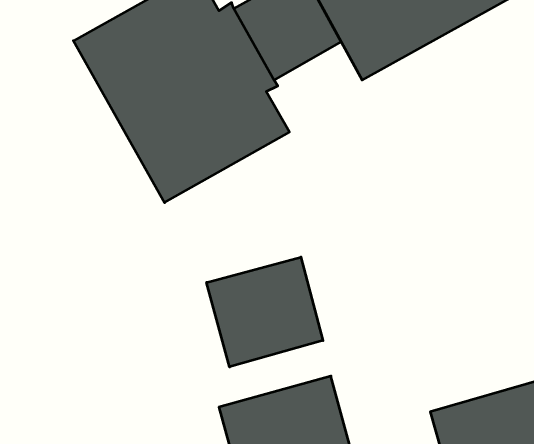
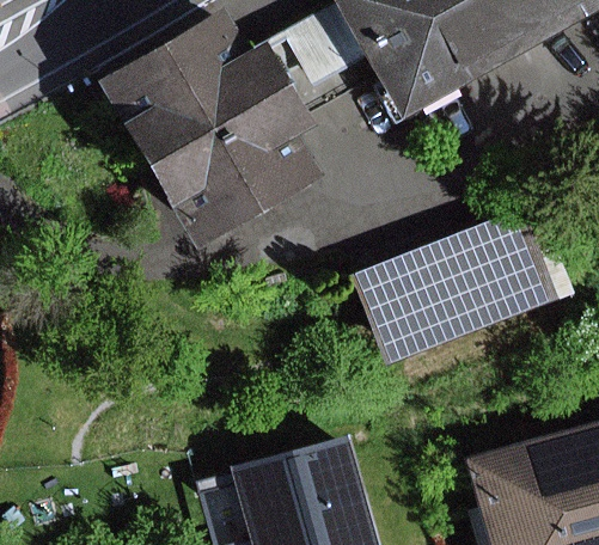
building: none -> [349,209,558,366]
building: [207,257,323,367] -> none

